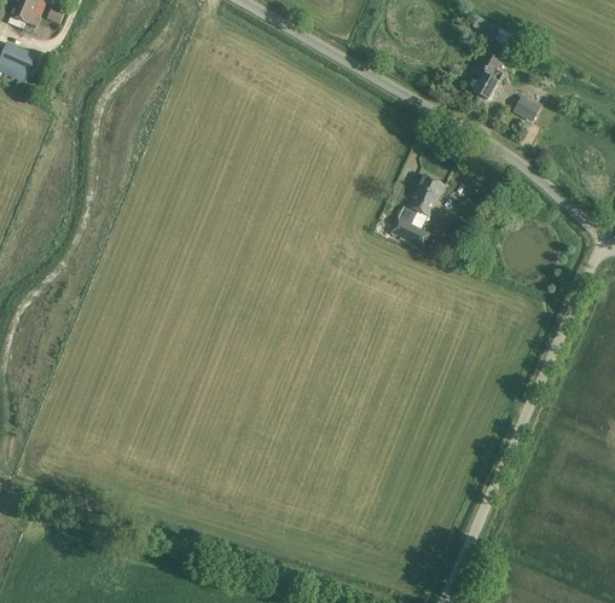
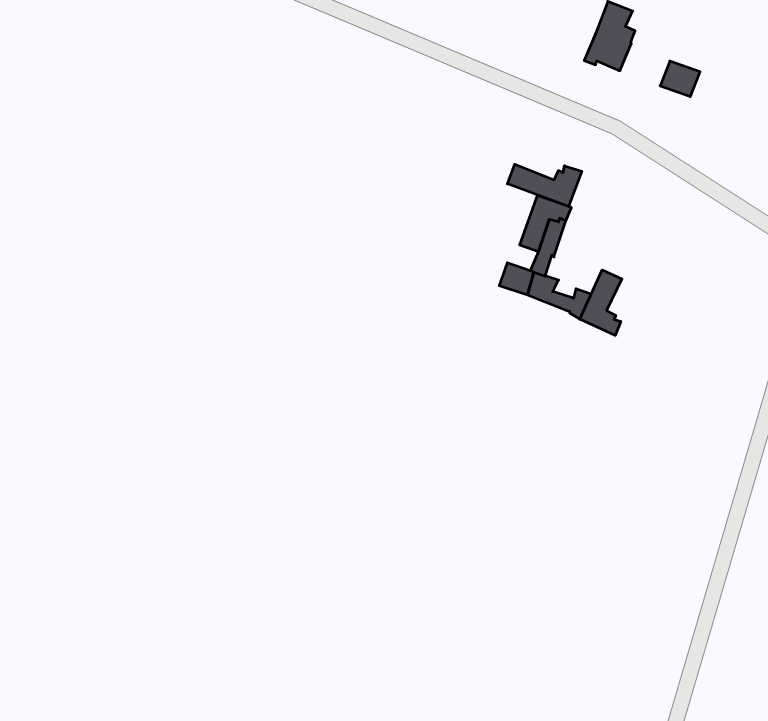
building: none -> [507,164,582,207]
building: none -> [580,270,622,335]

